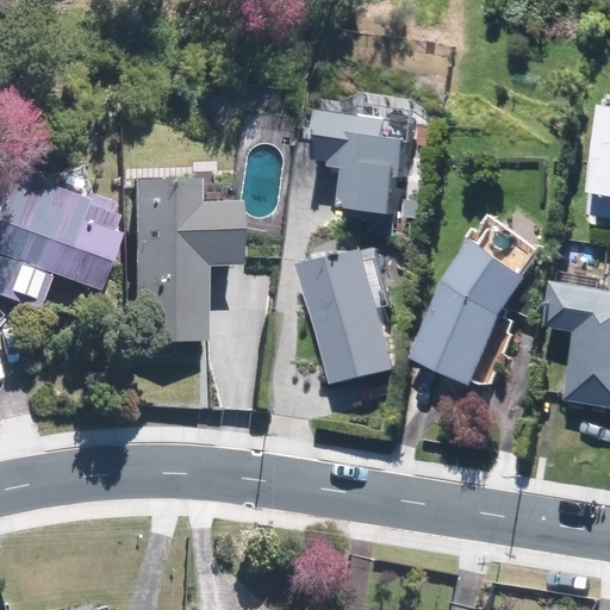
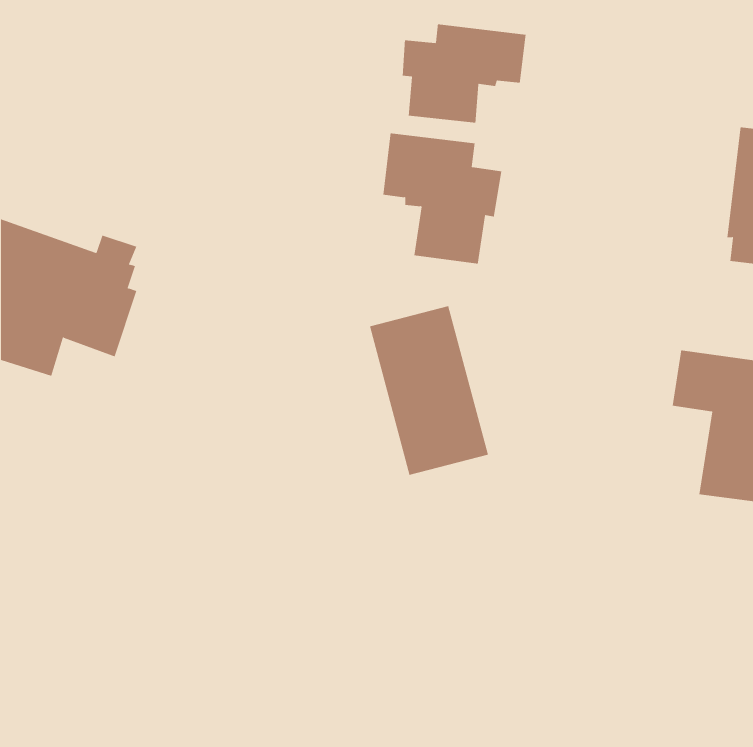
building: none -> [402,24,526,123]
building: [119,179,223,340] -> none
building: [410,237,527,381] -> none

